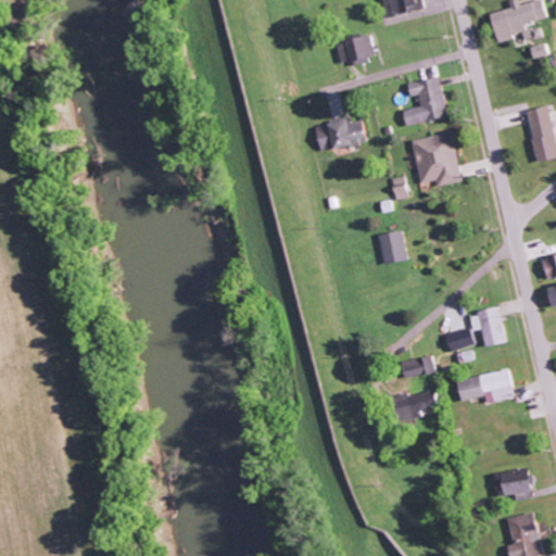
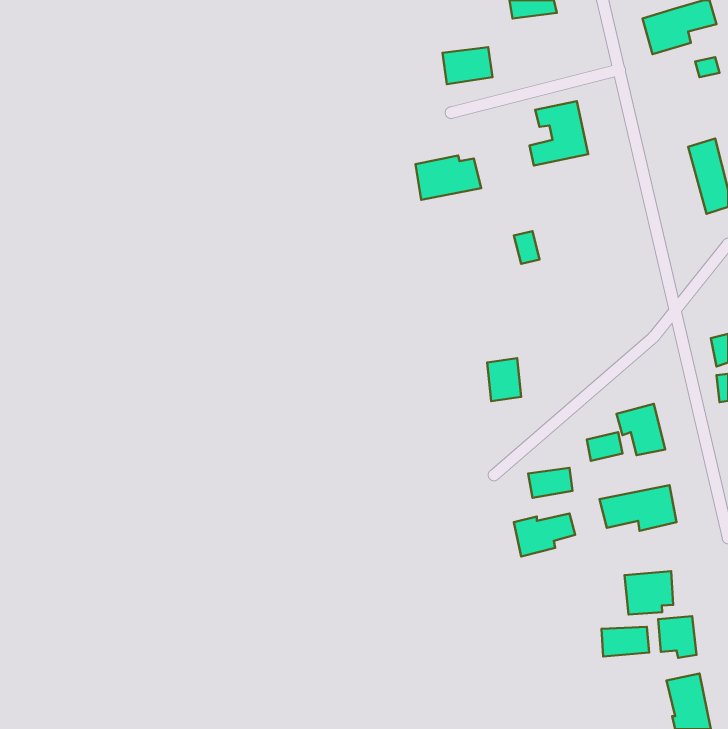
building: [413,134,460,187] -> none
building: [380,231,406,264] -> [487,358,521,401]
building: none -> [624,571,673,615]
building: none -> [602,627,649,656]

